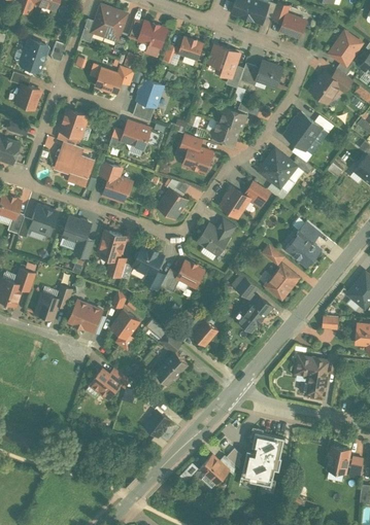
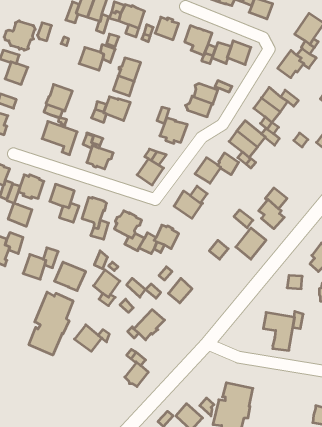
building: none -> [8,203,32,226]
building: [244,295,271,324] -> none
building: none -> [29,292,73,355]
building: [327,447,351,474] -> none

